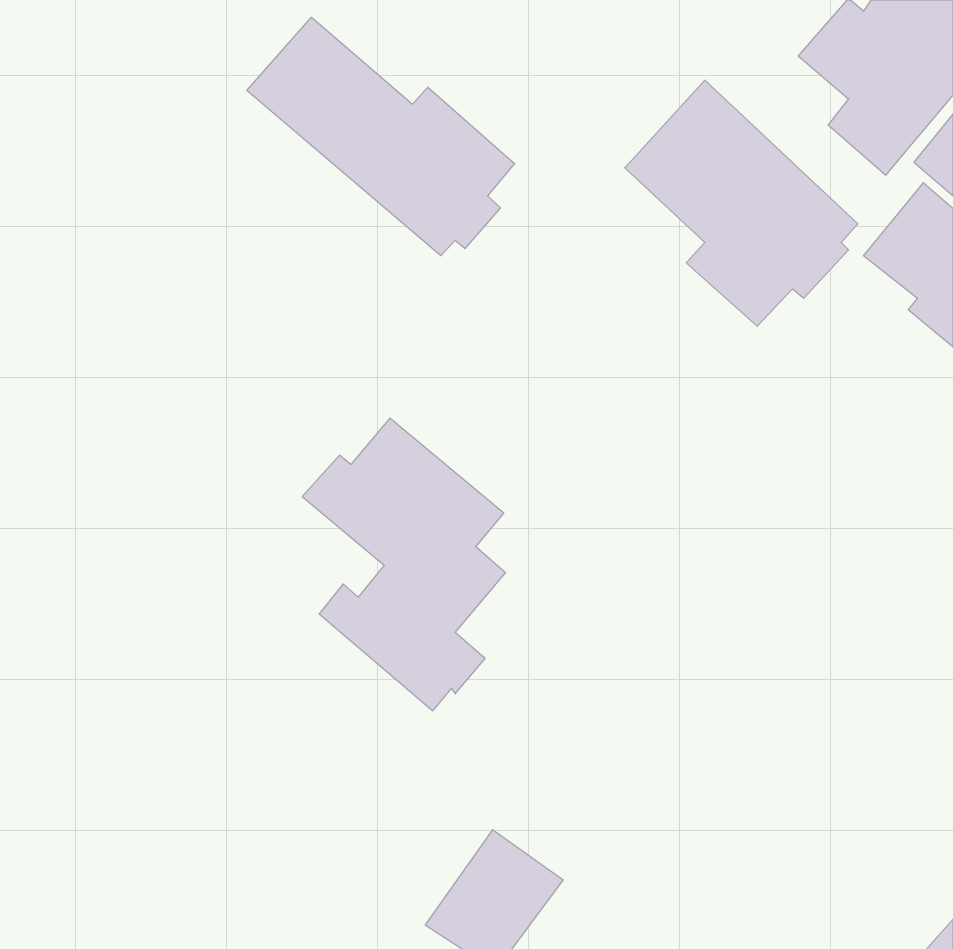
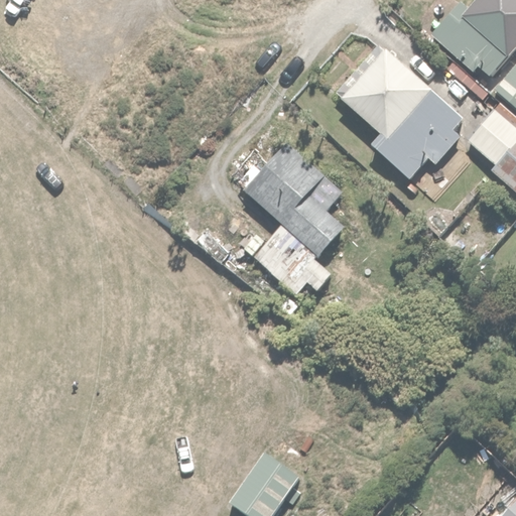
building: [247,17,515,256] -> none
building: [302,418,506,711] -> [236,142,346,300]

